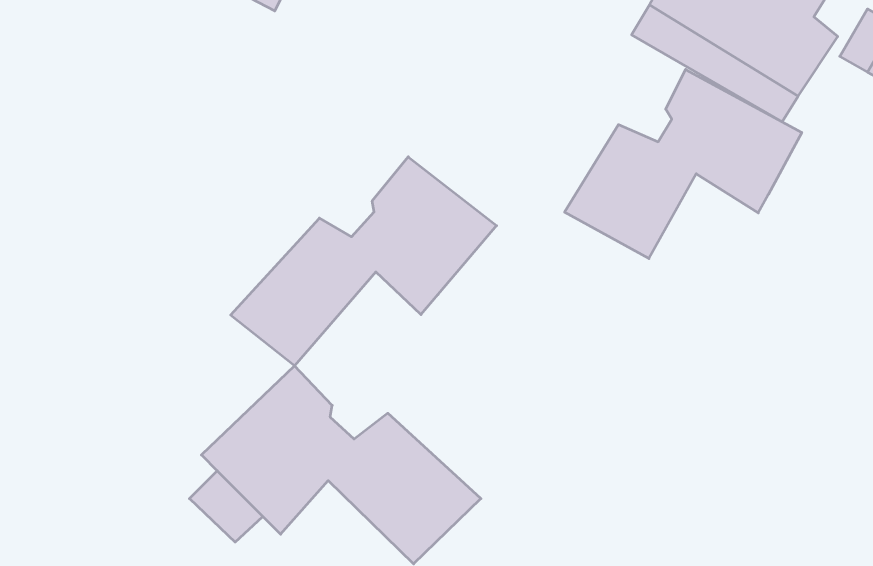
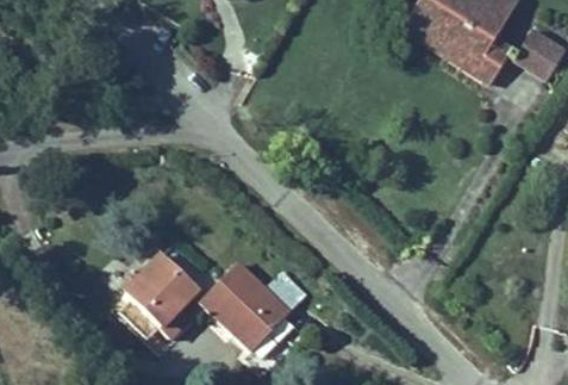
building: [565,69,802,259] -> none
building: [231,157,497,366] -> none

